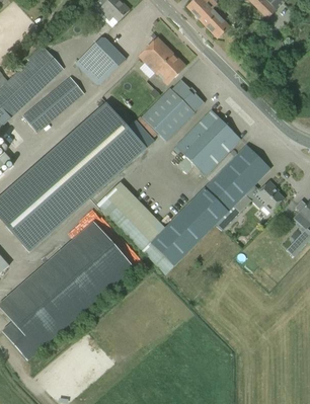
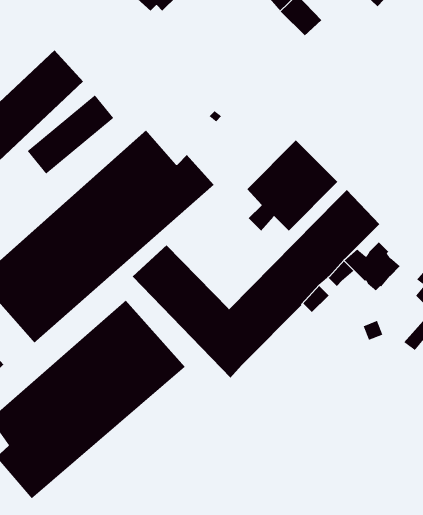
building: [75,35,126,86] -> none
building: [140,37,185,83] -> none
building: [141,79,204,141] -> none

